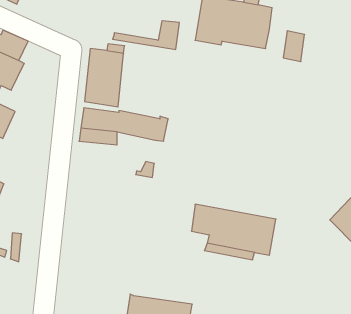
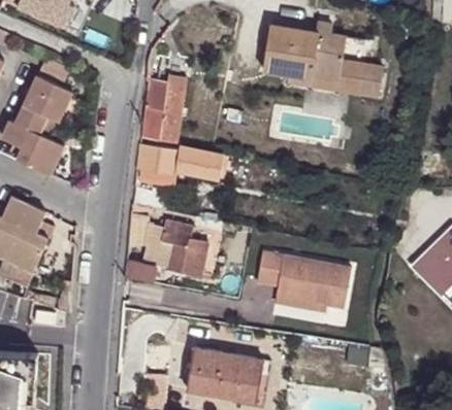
building: [113,21,179,49] -> [291,57,365,89]
building: none -> [124,216,215,283]

